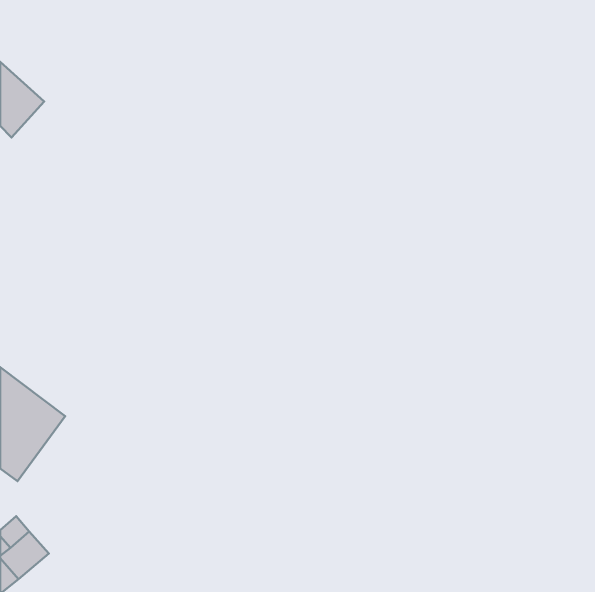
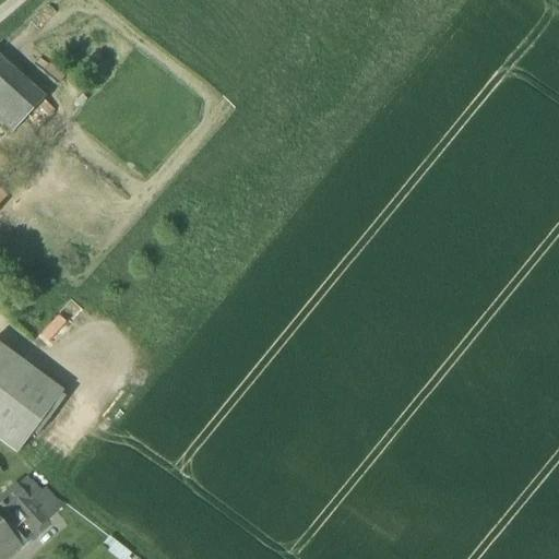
building: none -> [15,475,63,519]

